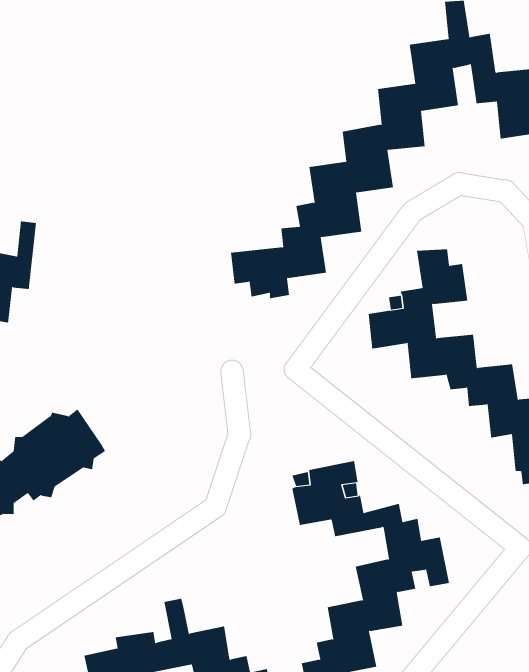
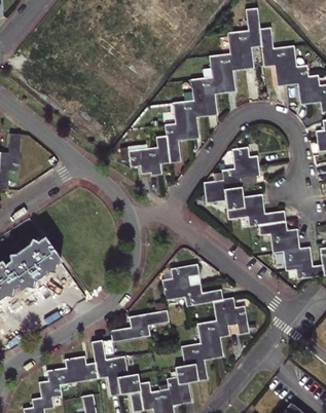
building: none -> [110,309,170,342]

